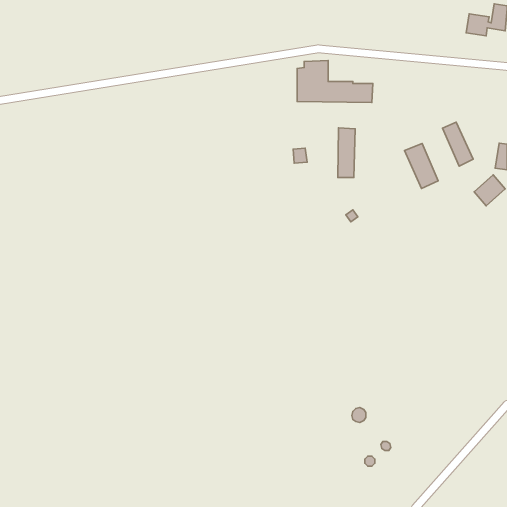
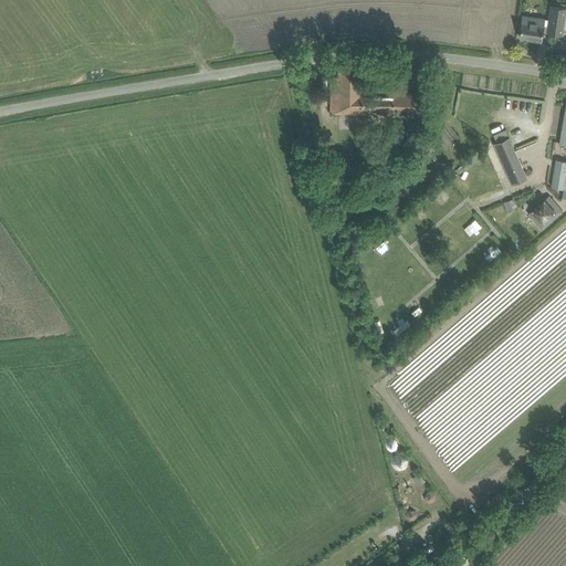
building: [338,128,355,178] -> none
building: [405,144,438,189] -> none

